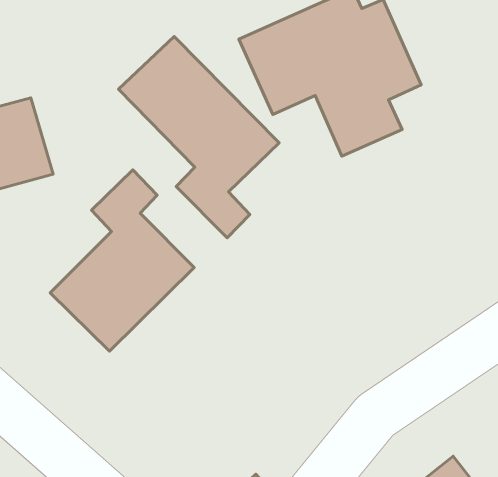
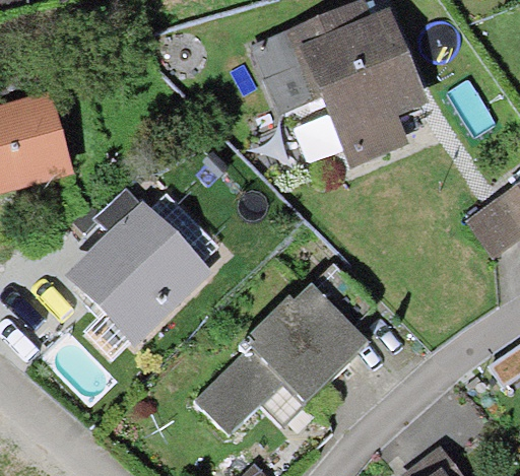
building: [118,36,279,238] -> none
building: none -> [199,266,377,440]

